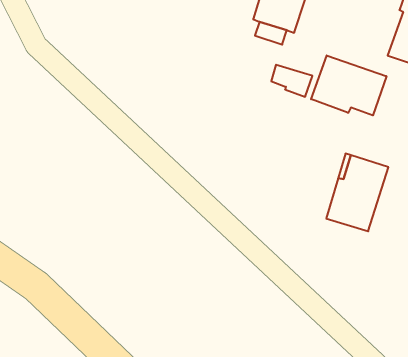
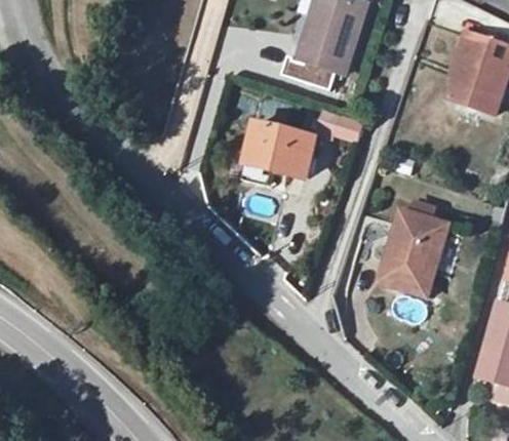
building: [311,55,386,115] -> none
building: none -> [245,121,316,174]

